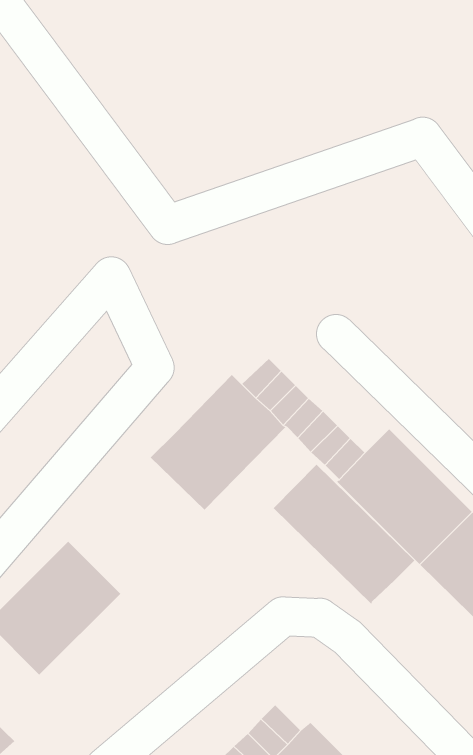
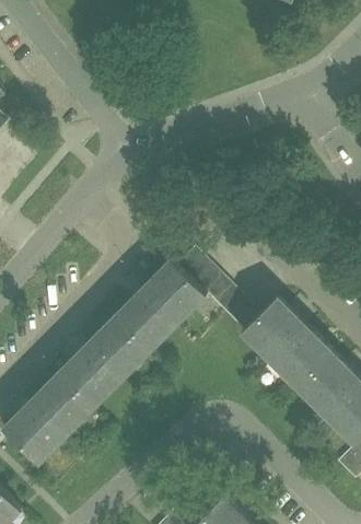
building: none -> [57,316,150,409]
building: [273,464,415,605] -> none

